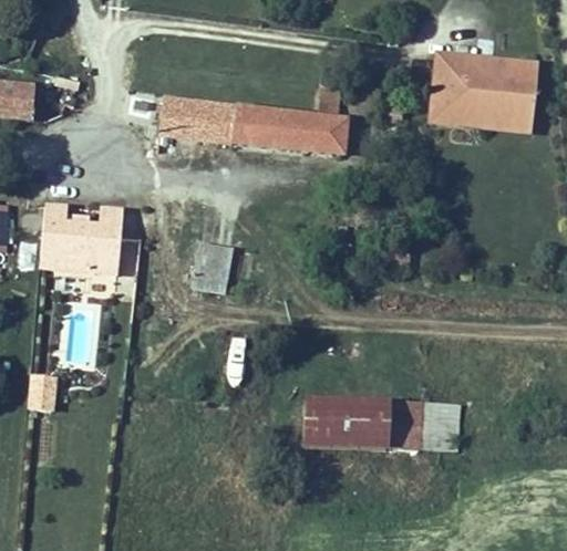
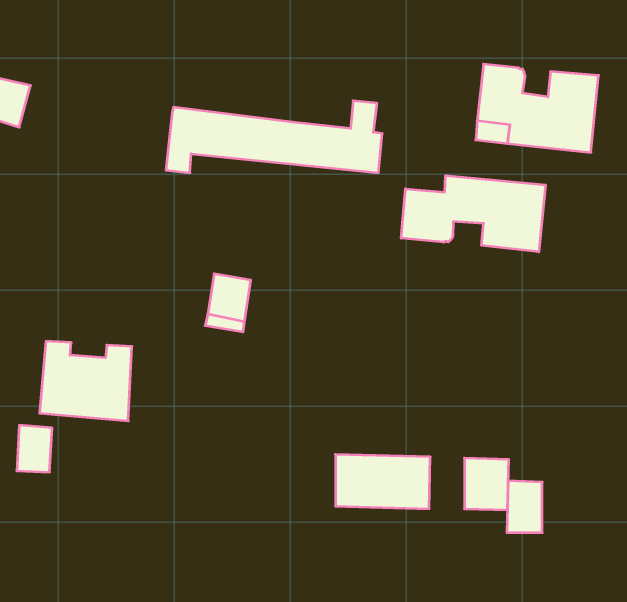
building: none -> [401,176,545,252]
building: [41,205,122,274] -> [40,341,132,421]
building: [389,401,420,446] -> [507,481,542,533]

